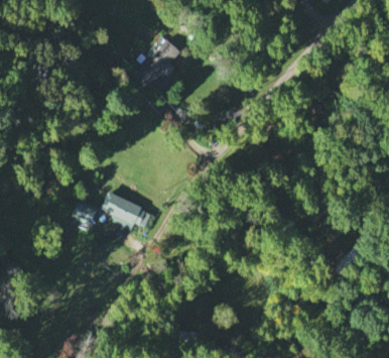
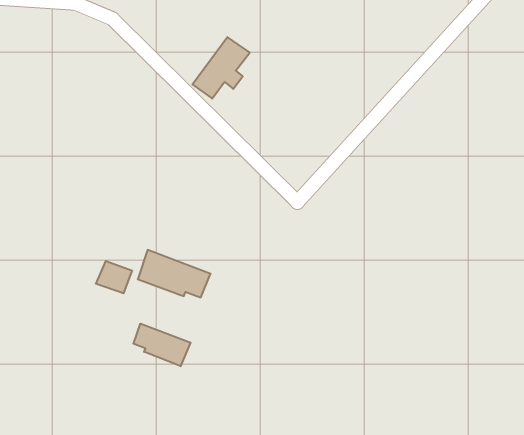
building: none -> [133,324,191,366]

